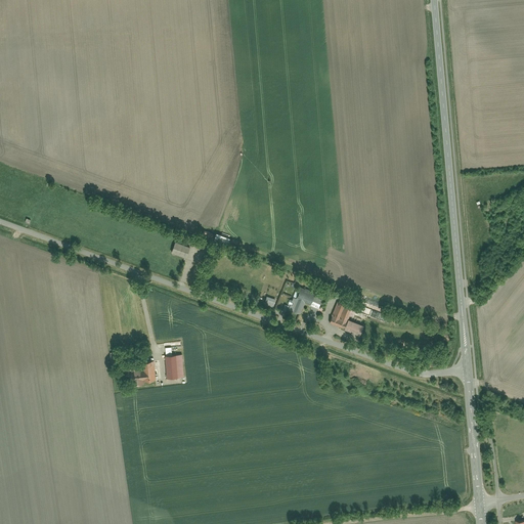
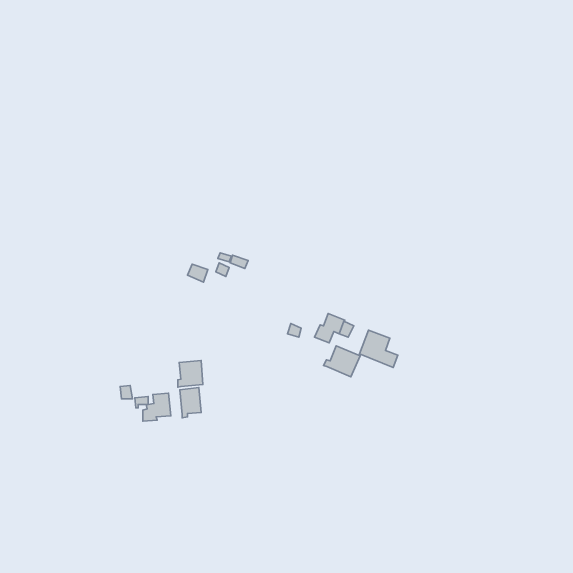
building: none -> [323,346,360,377]
building: none -> [178,360,203,387]

